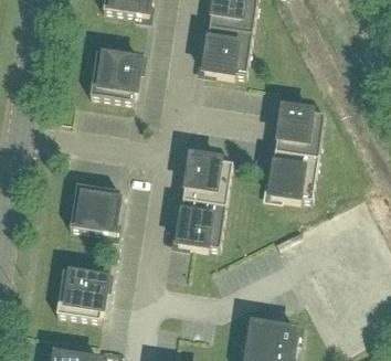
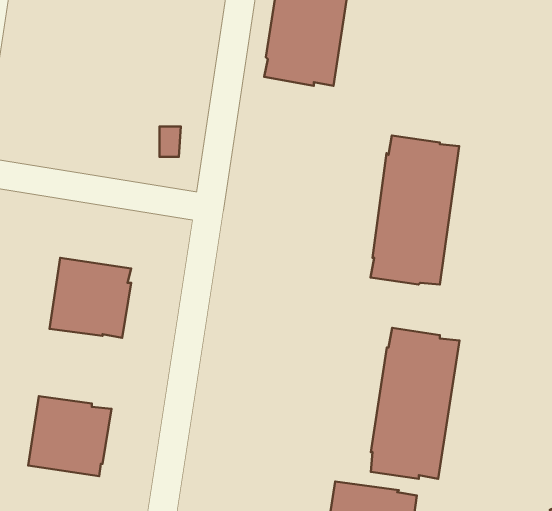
building: [88,49,140,99] -> none
building: [177,152,232,246] -> [371,328,460,479]

